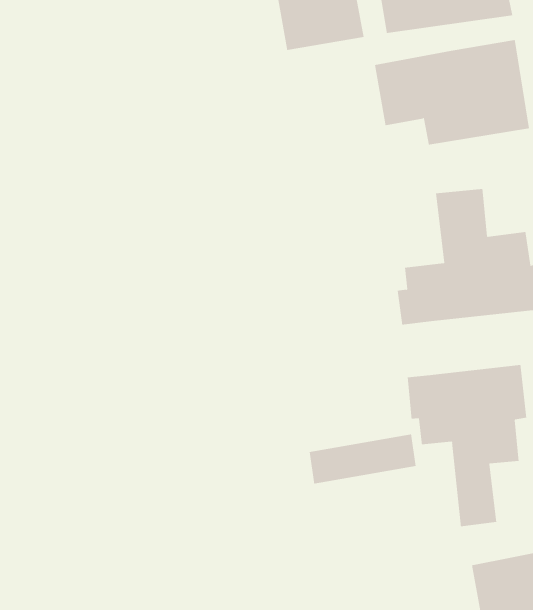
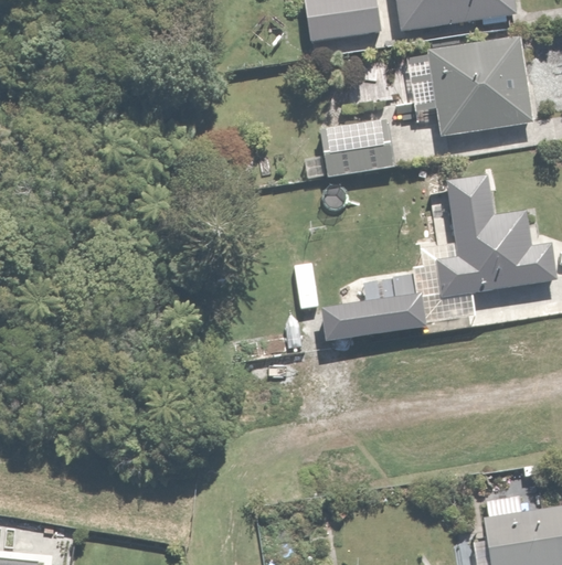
building: none -> [318,120,396,178]
building: [407,364,527,527] -> none
building: [309,434,417,484] -> [321,296,421,342]

